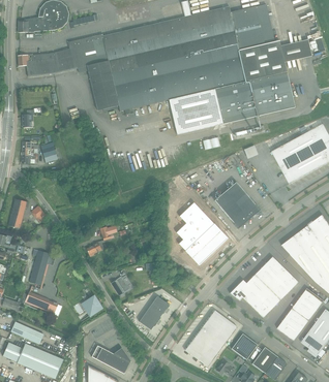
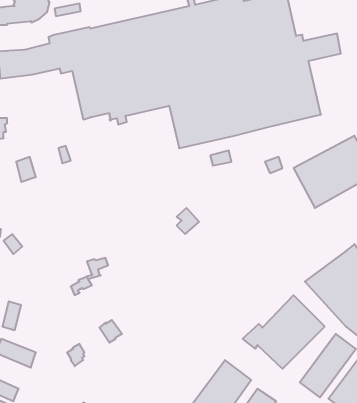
building: [215,182,261,228] -> none
building: [176,202,228,264] -> none
building: [139,295,169,329] -> none

